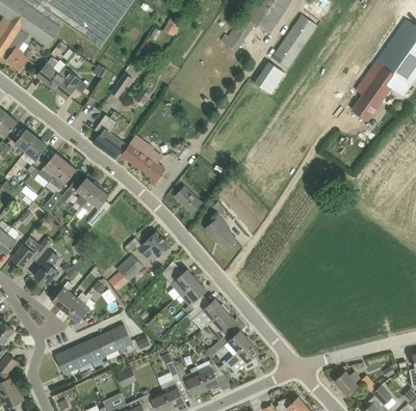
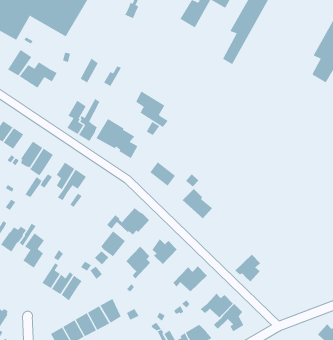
building: none -> [136,91,168,128]
building: [179,278,205,313] -> [126,245,151,279]
building: [205,309,233,338] -> [234,254,261,282]

